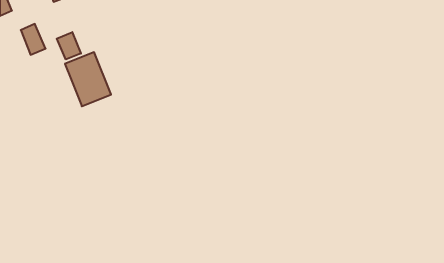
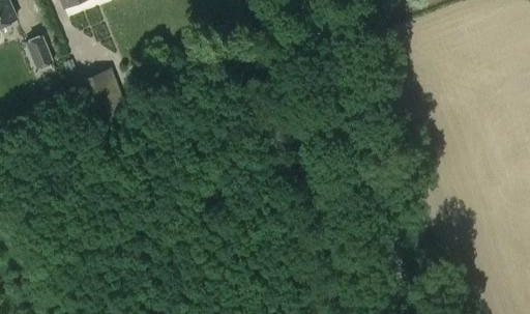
building: [57,32,81,59] -> none

